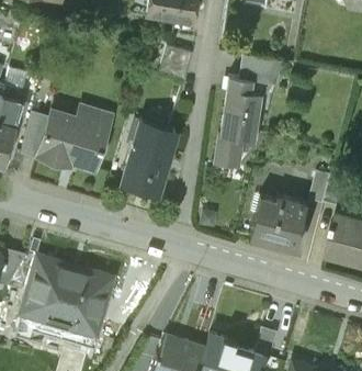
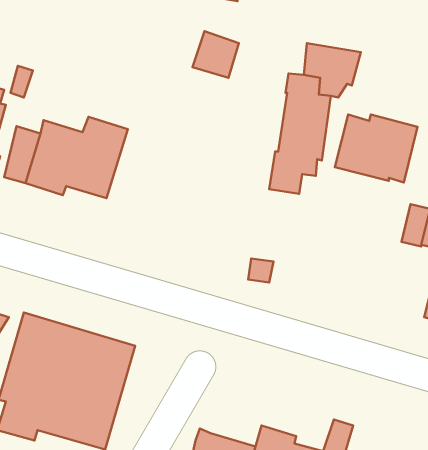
building: [120,121,174,195] -> none
building: [250,196,310,246] -> [335,115,417,182]

